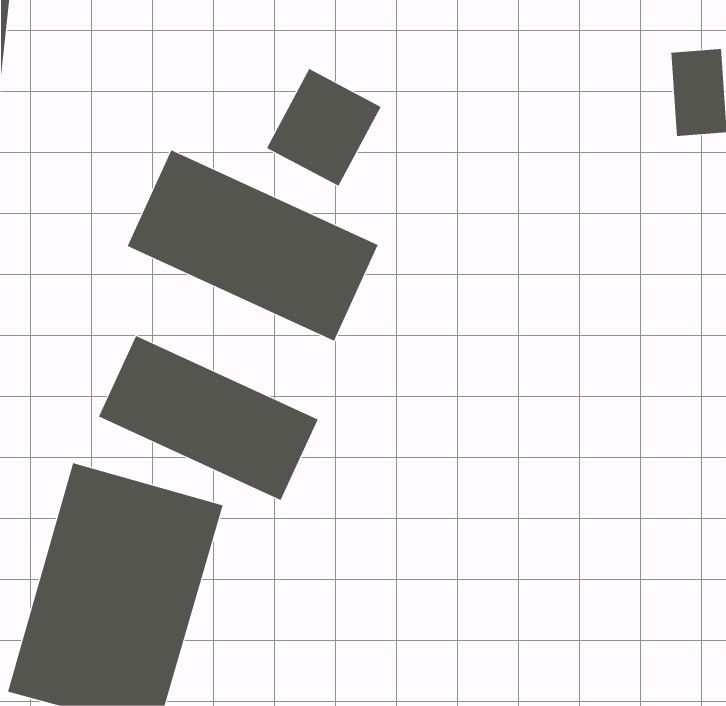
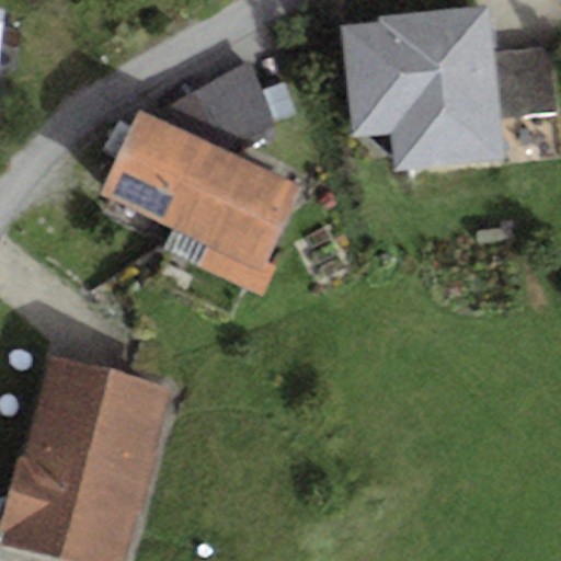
building: none -> [340,10,501,170]
building: [98,335,319,501] -> none

